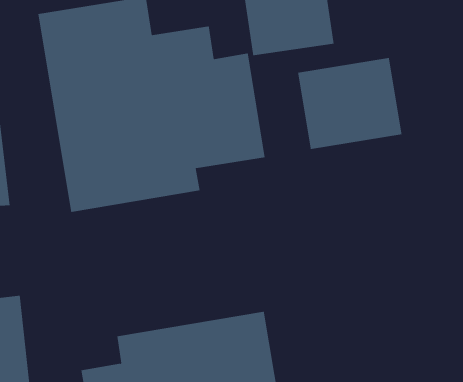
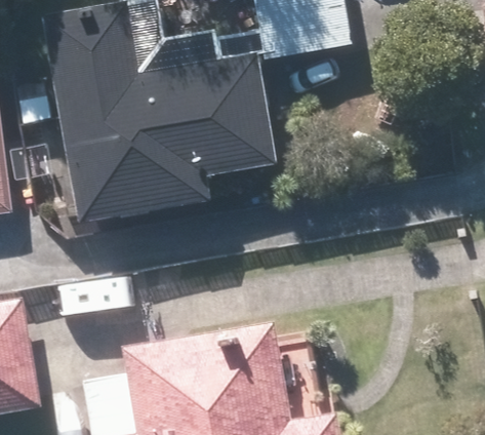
building: [298,57,402,150] -> none

